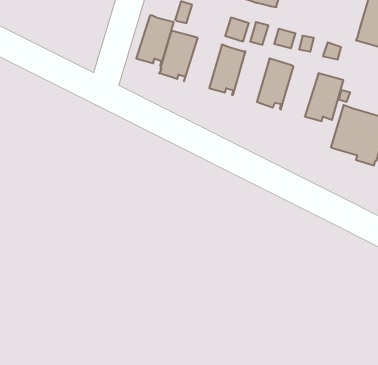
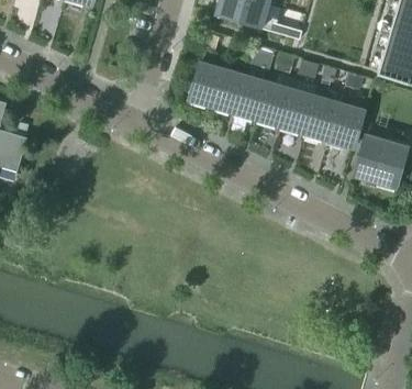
building: [136,15,174,65] -> [211,68,247,116]
building: none -> [258,81,293,130]
building: none -> [304,96,341,144]

